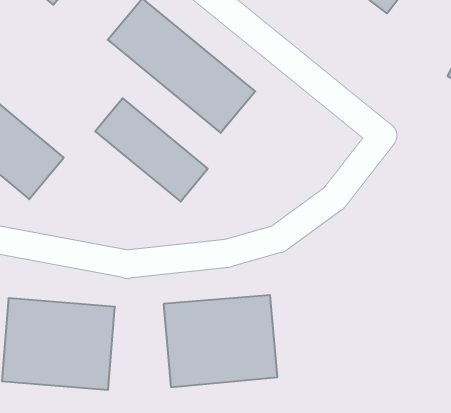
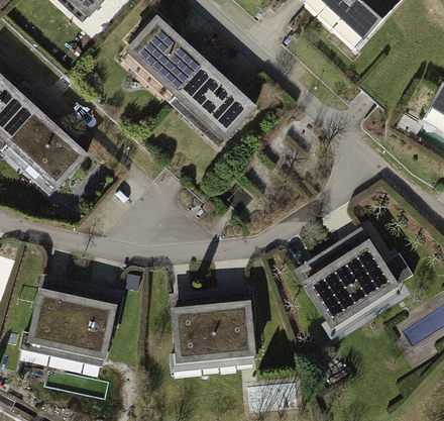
building: [95,98,208,202] -> none
building: none -> [291,220,409,334]

